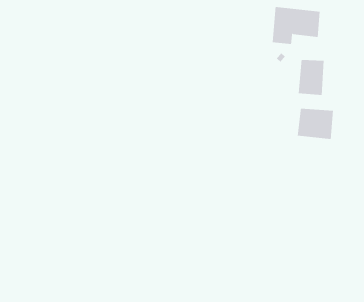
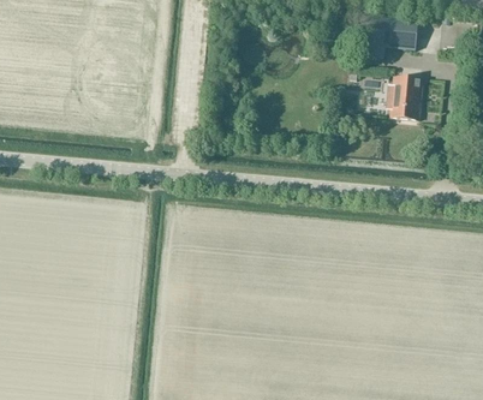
building: [297,108,334,140] -> none

